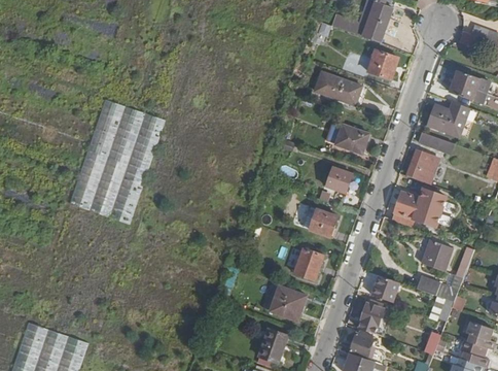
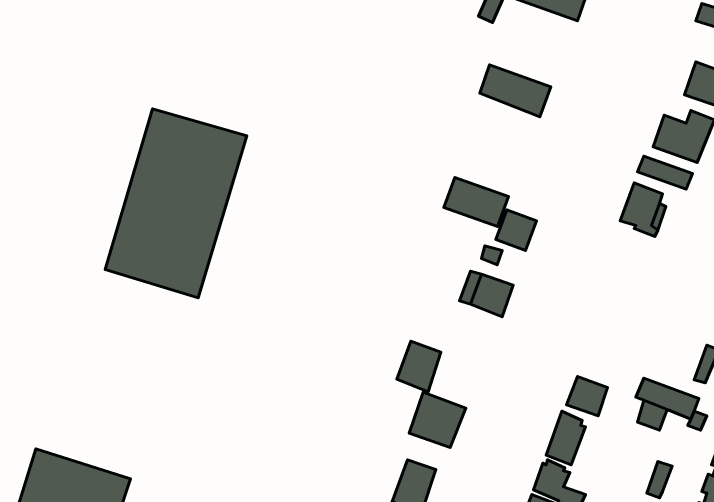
building: [367,49,397,78] -> none
building: [326,121,368,153] -> [444,178,508,226]
building: [393,189,447,227] -> none
building: [421,240,452,272] -> none
building: [293,247,322,280] -> [397,341,441,392]

